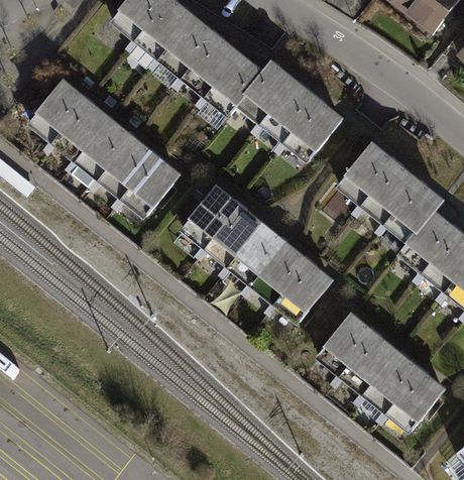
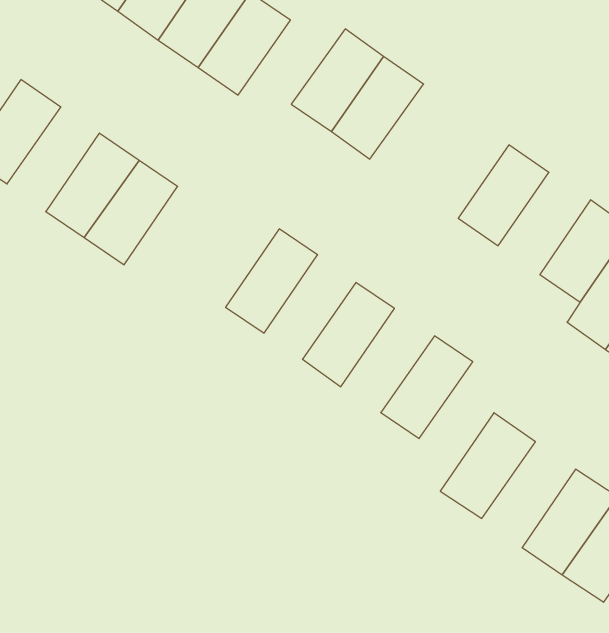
building: [202,52,263,117] -> none
building: [51,98,112,163] -> none
building: [282,99,344,163] -> none
building: [122,153,183,220] -> none
building: [360,160,421,225] -> none
building: [208,203,268,268] -> none
building: [254,240,316,306] -> none
building: [338,331,399,397] -> none

